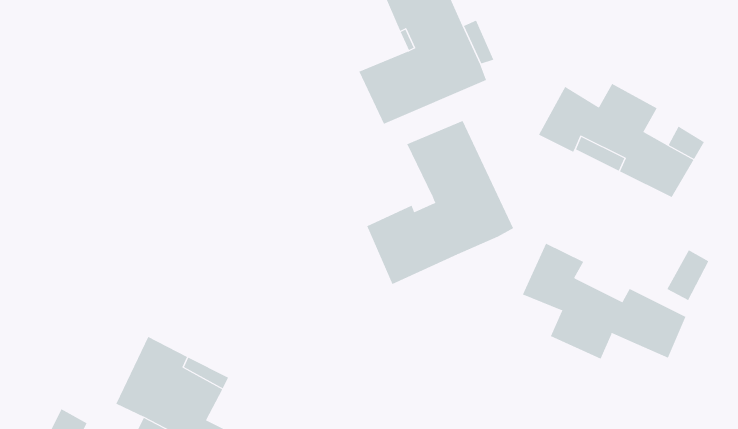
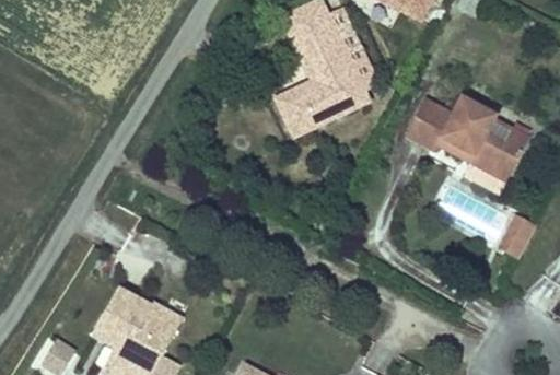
building: [366,120,514,285] -> none
building: [522,243,686,359] -> none

